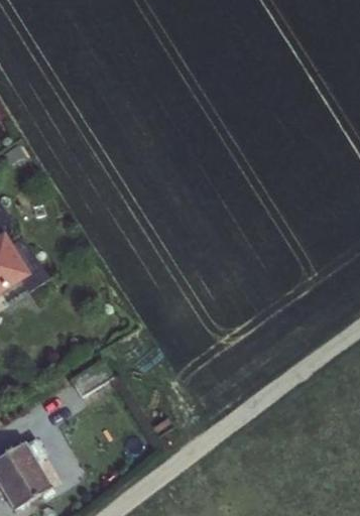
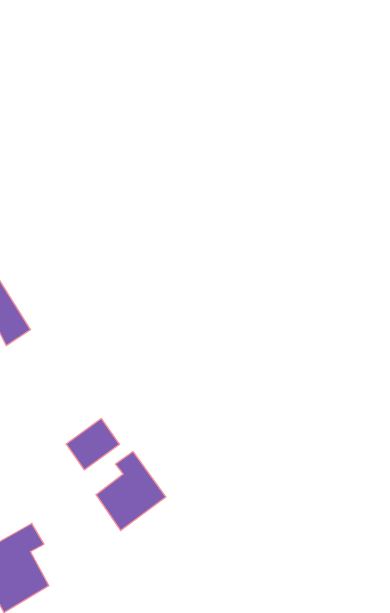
building: none -> [96,452,166,531]

